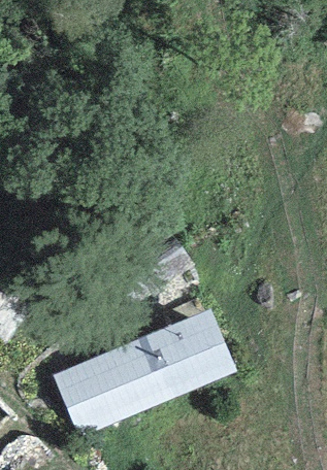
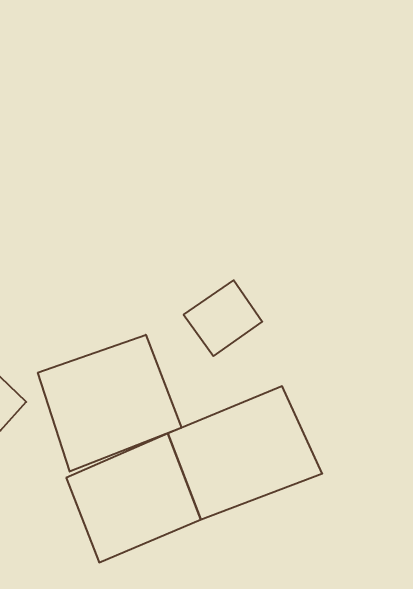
building: none -> [38,335,181,472]

